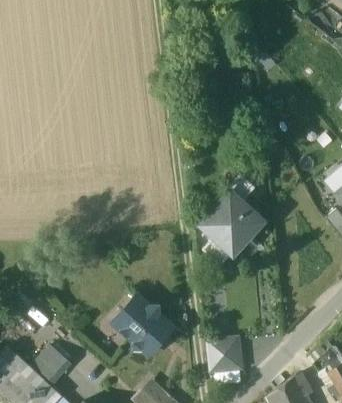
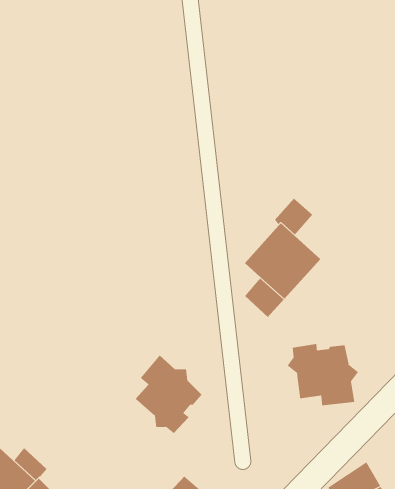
building: none -> [287,343,359,406]
building: [209,340,240,371] -> none
building: [33,346,68,382] -> none

